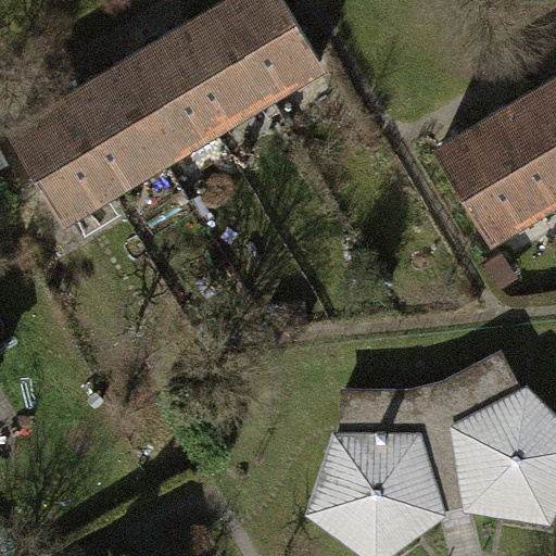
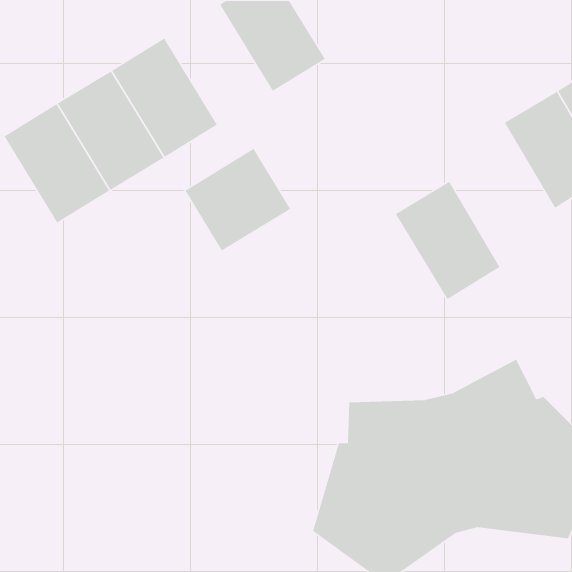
building: [165,12,268,127] -> none
building: [438,125,539,239] -> [395,181,501,300]
building: none -> [184,148,291,252]

